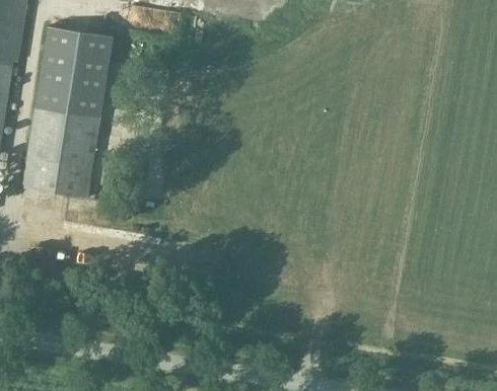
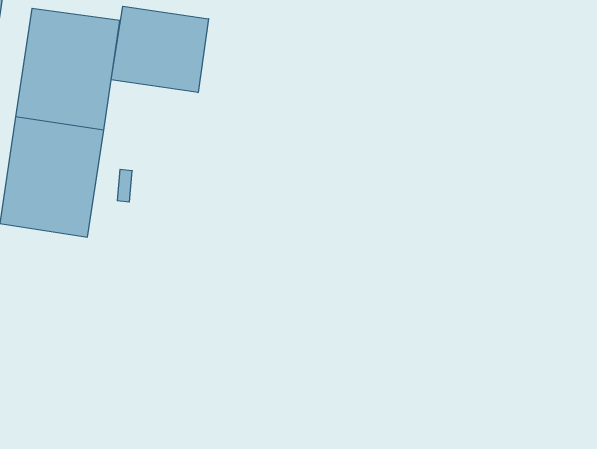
building: none -> [111,6,209,93]

